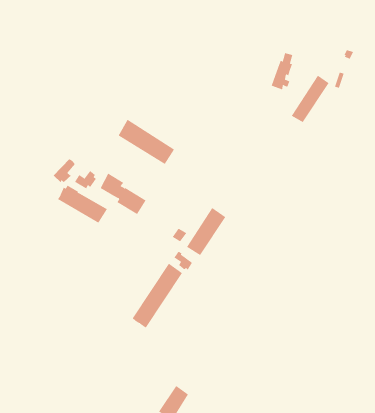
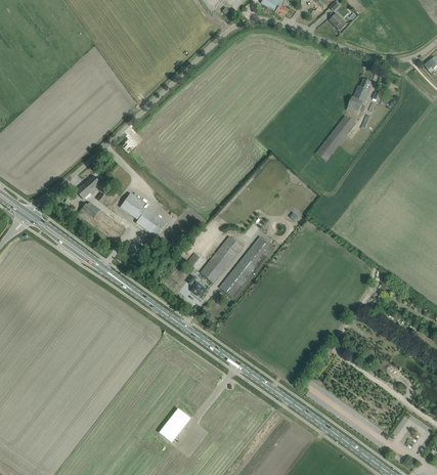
building: [271,52,293,90] -> [347,78,372,115]
building: [118,119,175,165] -> none
building: [132,263,183,328] -> [219,235,273,298]

